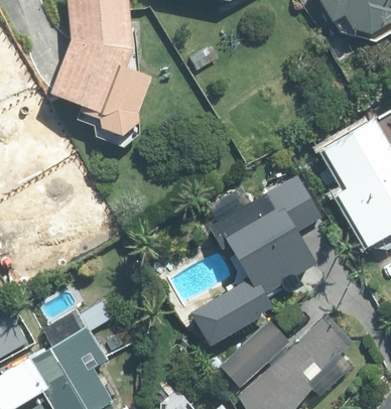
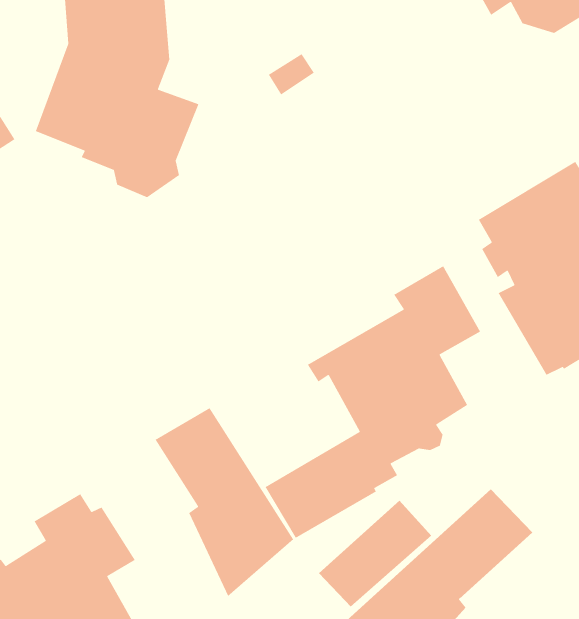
building: none -> [155,407,294,597]

